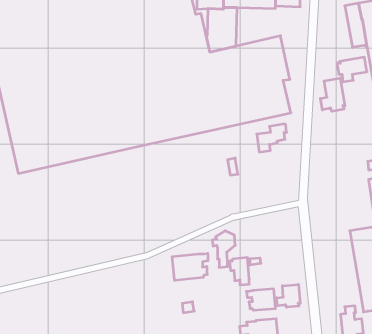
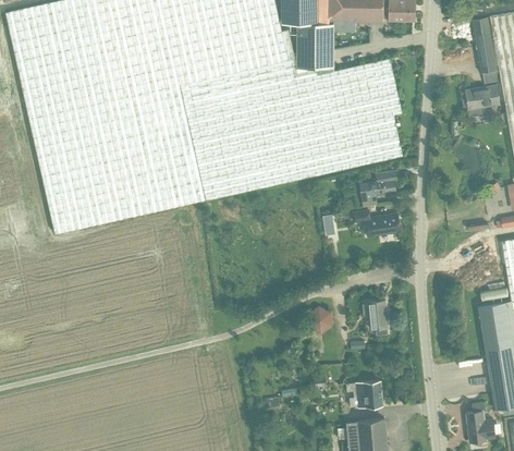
building: [320,78,345,111] -> none
building: none -> [352,208,401,235]
building: [172,253,208,280] -> none
building: [230,258,249,285] -> [363,298,388,333]
building: [277,284,300,307] -> none

